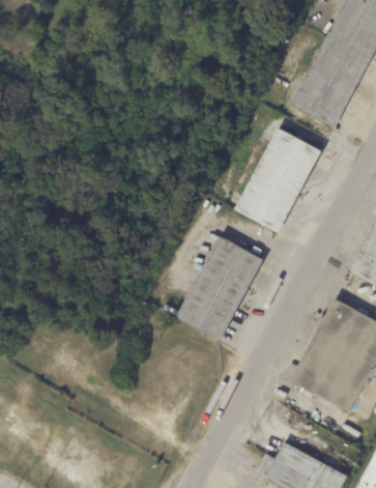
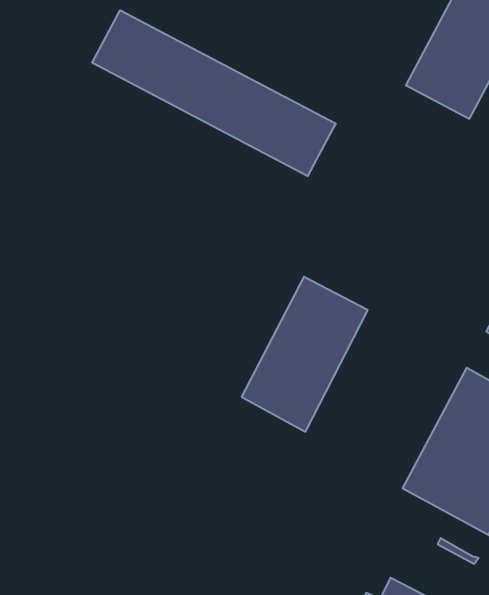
building: none -> [92,10,336,176]
building: [236,126,323,232] -> none

